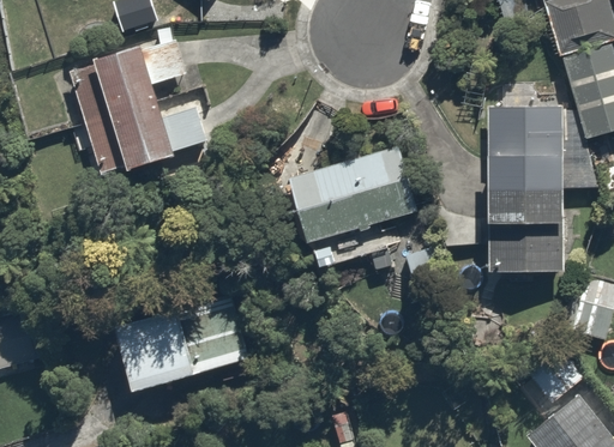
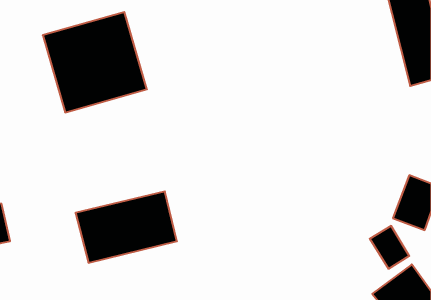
building: [484,109,565,273] -> none
building: [289,143,419,265] -> none

